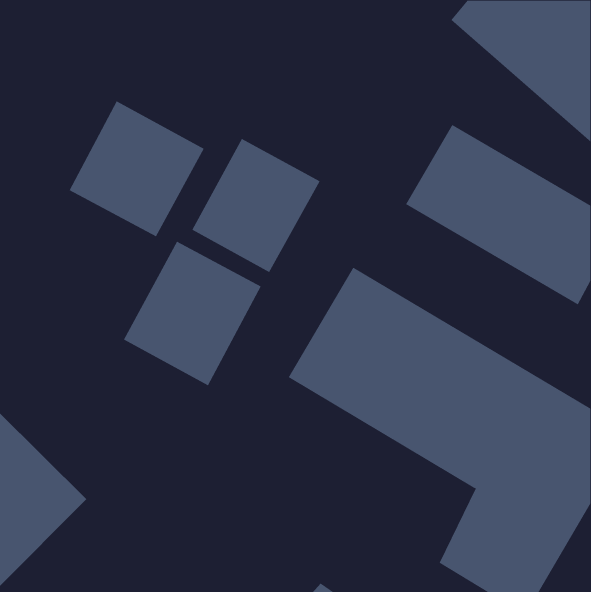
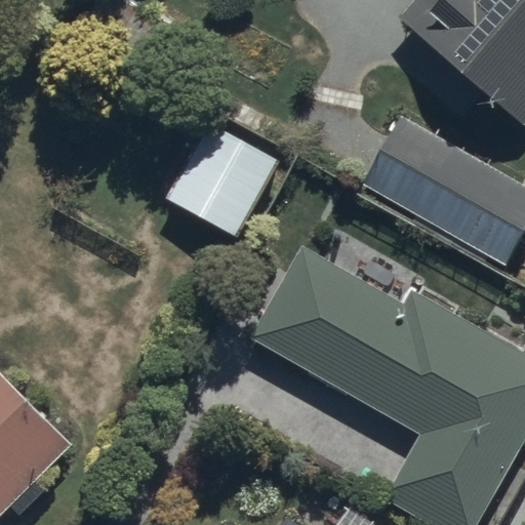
building: [69,100,205,237] -> none
building: [123,241,261,386] -> none

